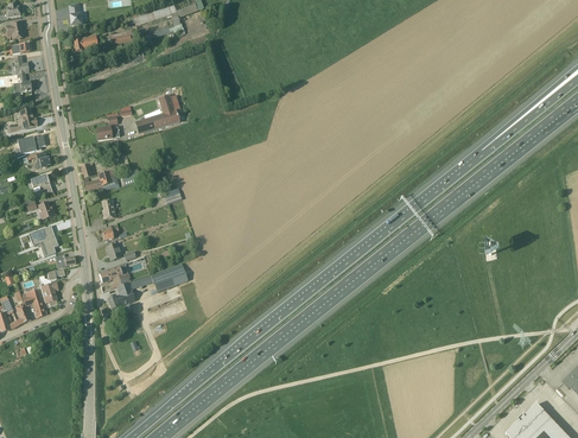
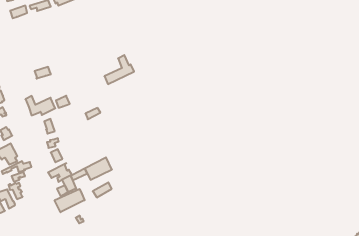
building: [136,95,179,133] -> [104,55,134,84]
building: none -> [55,189,85,212]

